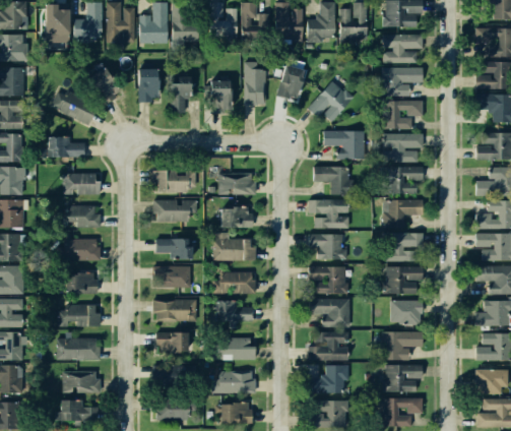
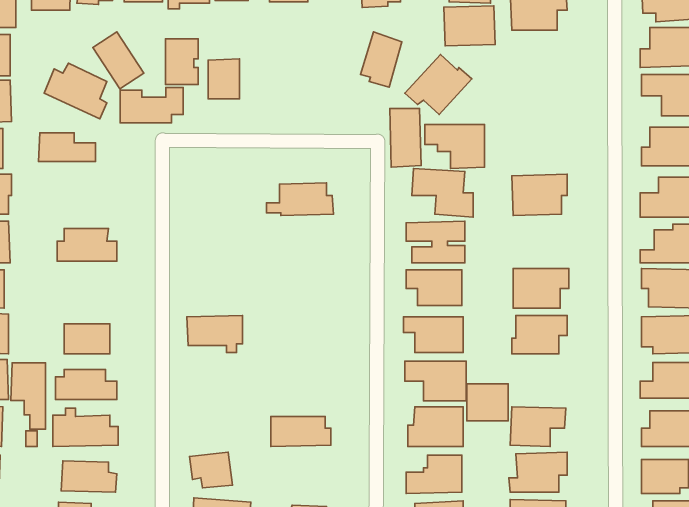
building: [243,64,265,106] -> [390,109,421,167]
building: [382,68,419,97] -> [444,6,495,46]
building: [208,81,230,114] -> none
building: [384,102,416,129] -> none
building: [383,133,424,163] -> none
building: [152,168,197,193] -> [120,87,183,123]
building: [63,174,100,194] -> none
building: [153,199,197,223] -> none
building: [383,200,423,228] -> none
building: [214,206,254,228] -> none
building: [211,233,257,261] -> none
building: [64,238,101,262] -> none
building: [154,238,193,260] -> none
building: [212,272,256,294] -> none
building: [153,299,197,321] -> none
building: [214,300,253,321] -> none
building: [391,300,421,326] -> [467,384,508,421]
building: none -> [11,363,46,429]
building: [154,332,187,358] -> none
building: [211,368,256,393] -> none

